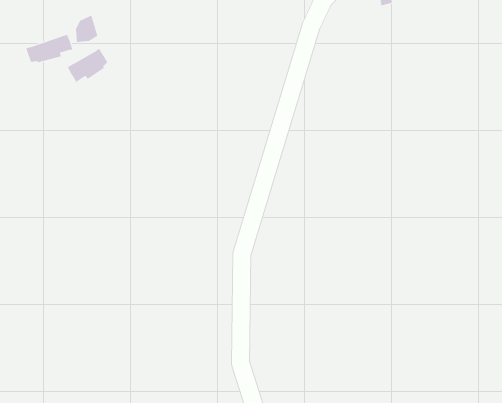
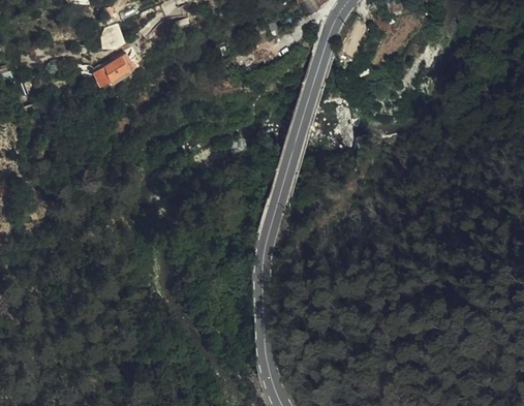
building: [26,34,73,63] -> none

